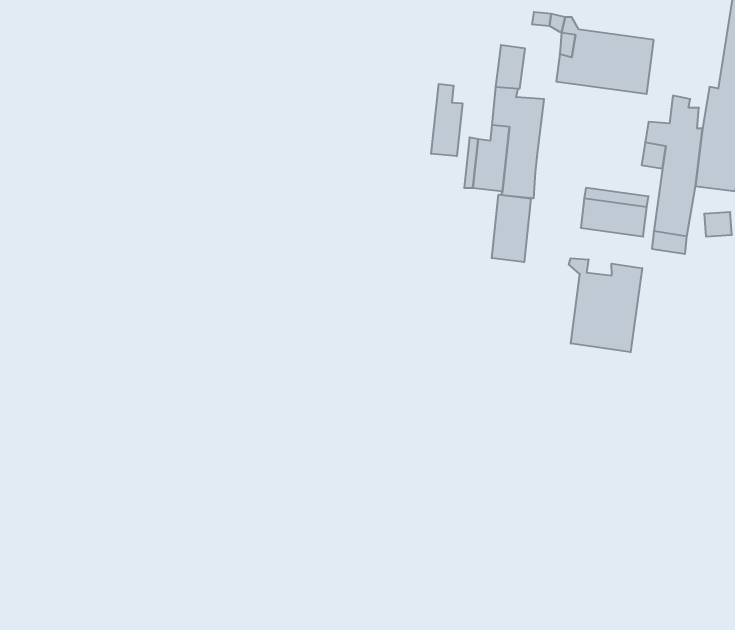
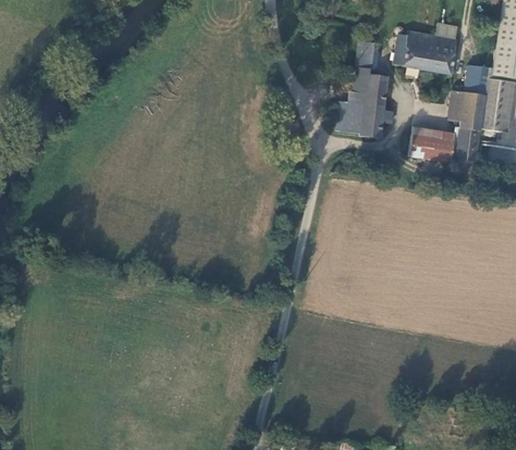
building: [431,84,462,156] -> none
building: [492,195,531,262] -> none
building: [569,258,642,352] -> none

